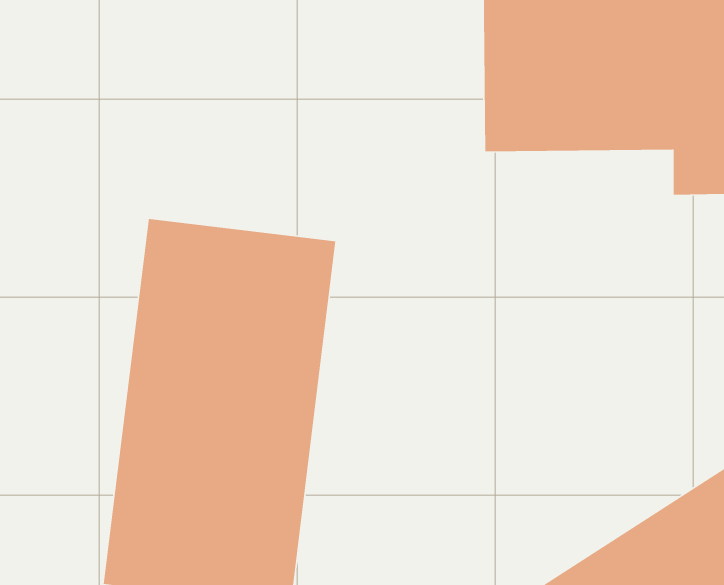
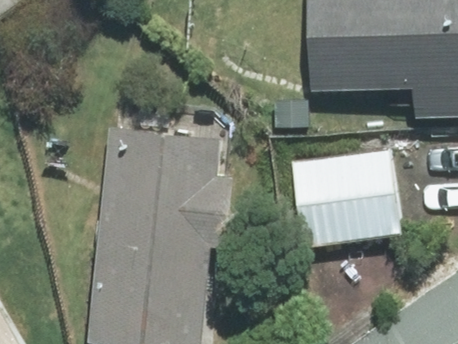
building: none -> [296,141,402,249]

